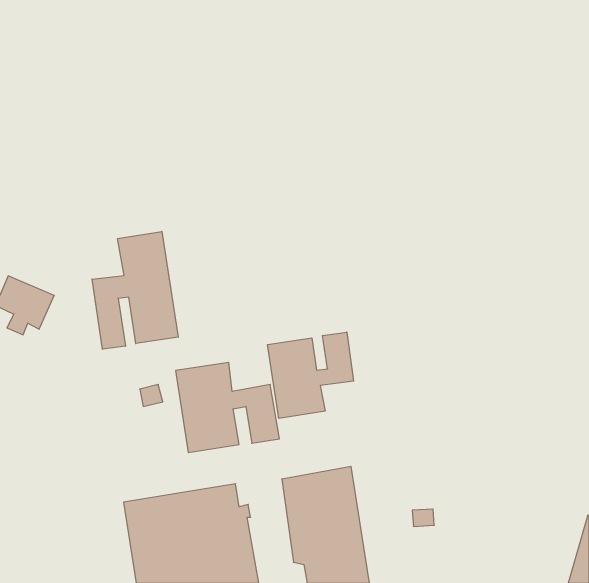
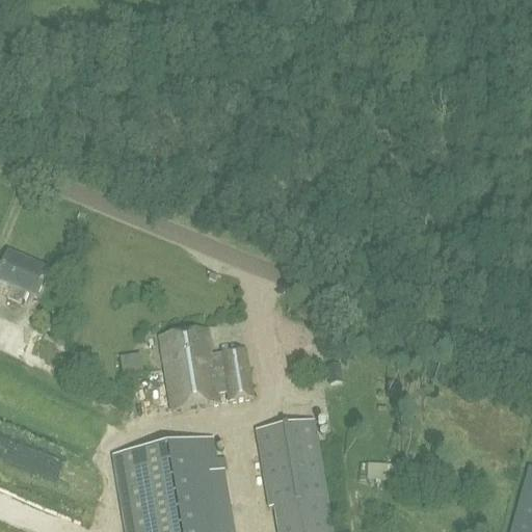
building: [92,231,178,349] -> none
building: [268,332,354,418] -> none

